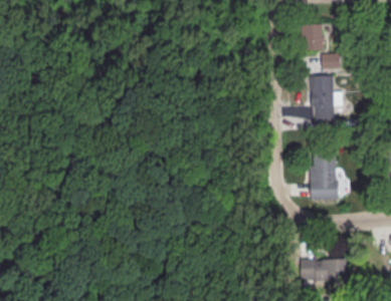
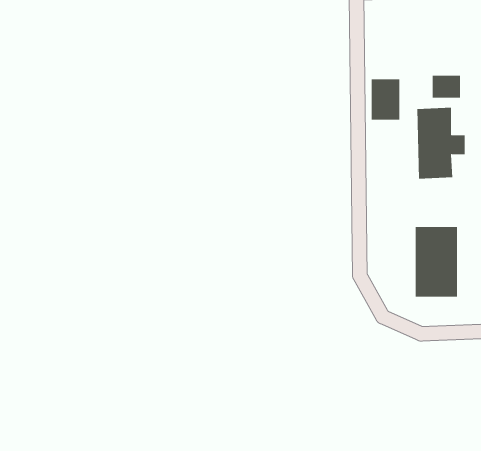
building: [305,22,324,49] -> [371,79,400,120]
building: [302,258,347,280] -> none

